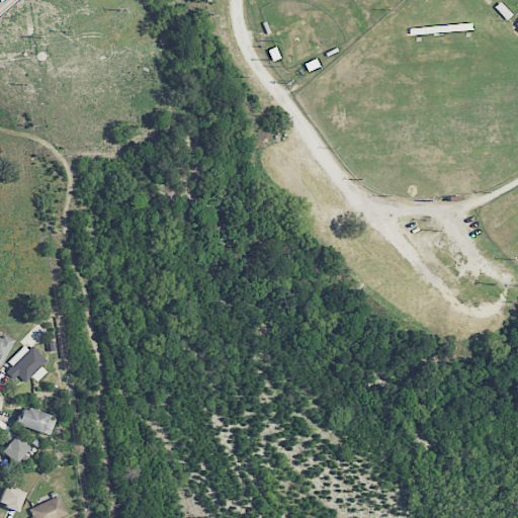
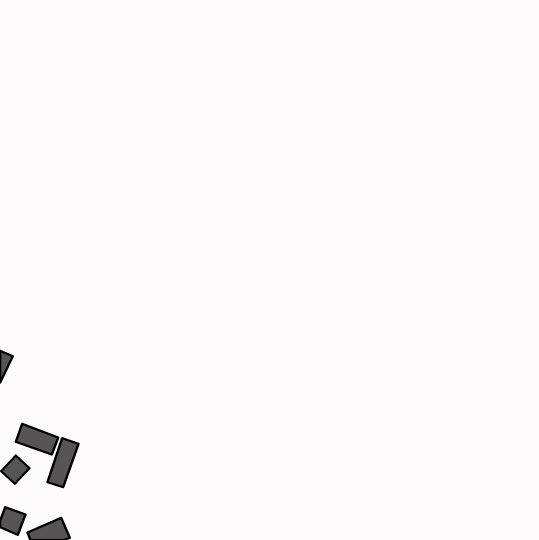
building: [6,343,47,383] -> none
building: none -> [47,438,78,487]

